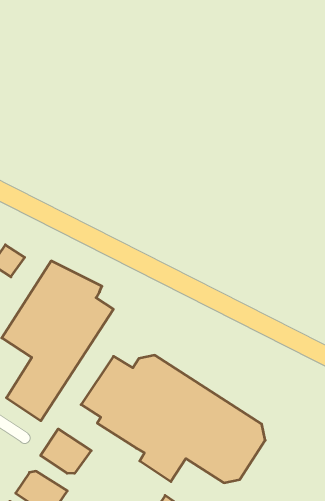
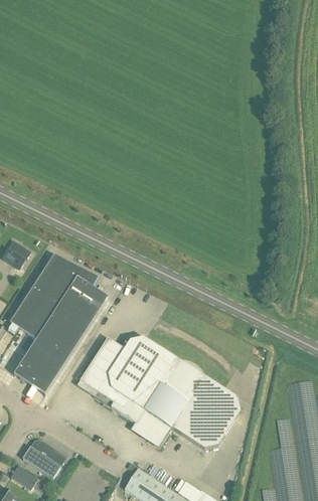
building: [41,429,91,473] -> none

